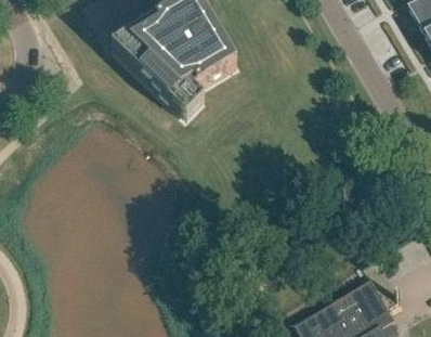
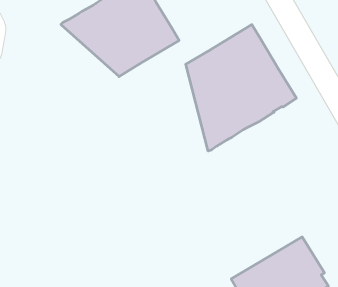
building: none -> [186,25,296,151]

